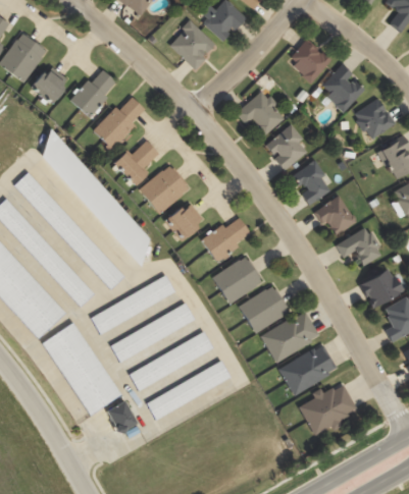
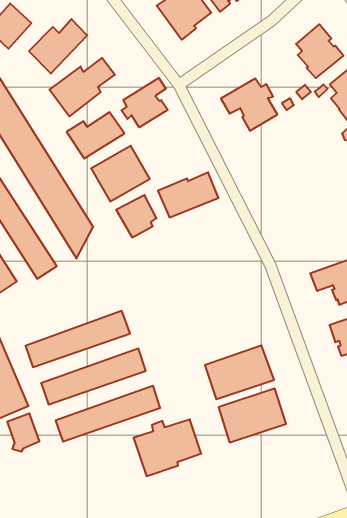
building: none -> [121,78,168,127]
building: [265,124,307,171] -> none
building: [292,160,329,205] -> none
building: [312,195,356,235] -> none
building: [201,217,252,260] -> [158,172,219,217]
building: [212,257,262,304] -> none
building: [91,275,175,333] -> none
building: [239,285,289,333] -> none
building: [299,383,357,436] -> [133,419,201,476]

